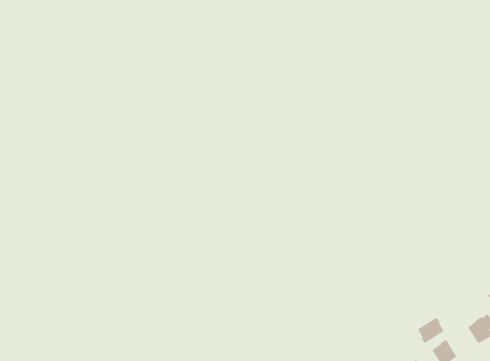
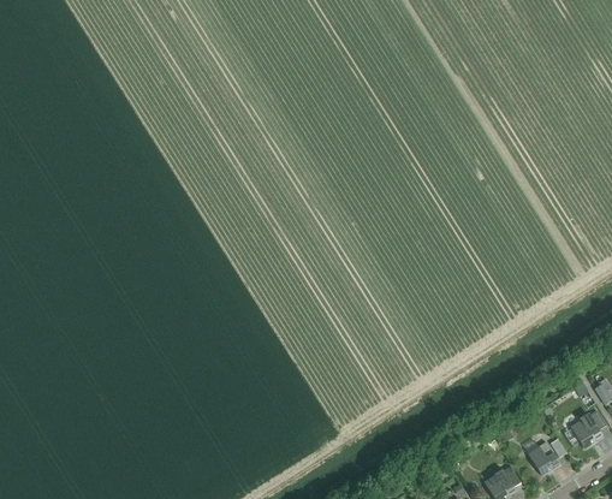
building: [417,317,444,344] -> none

